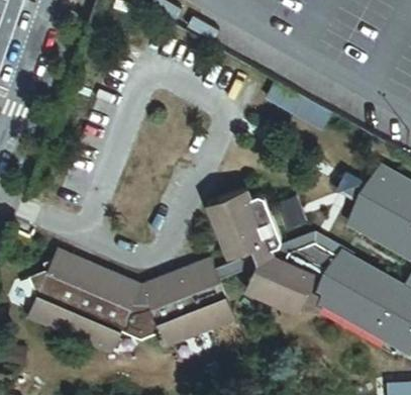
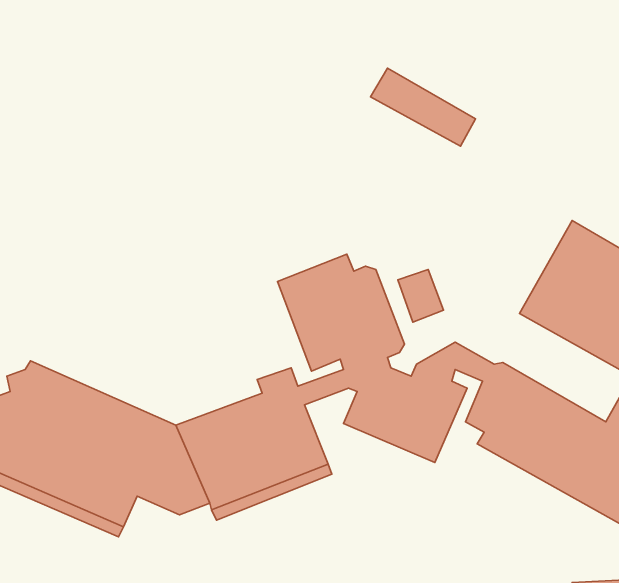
building: [57,246,195,290] -> none

